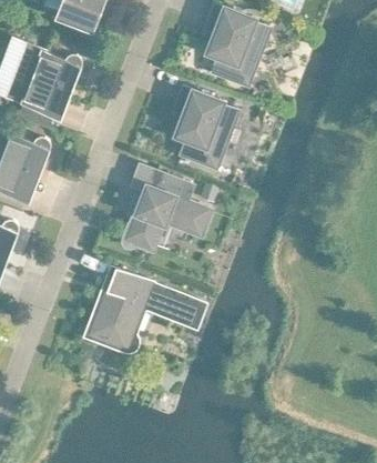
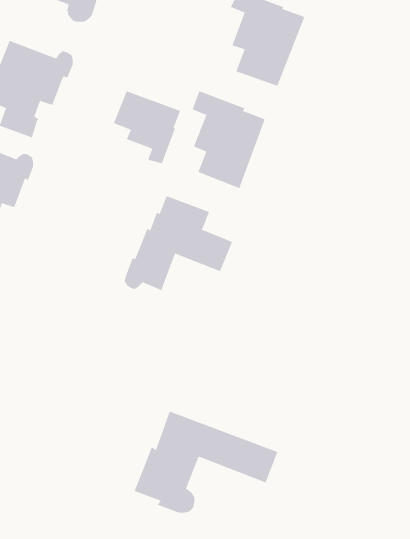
building: none -> [113,91,181,164]
building: [88,269,205,352] -> [134,411,278,513]

